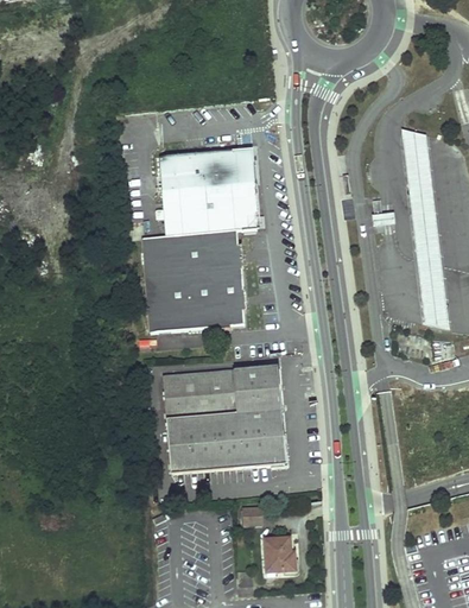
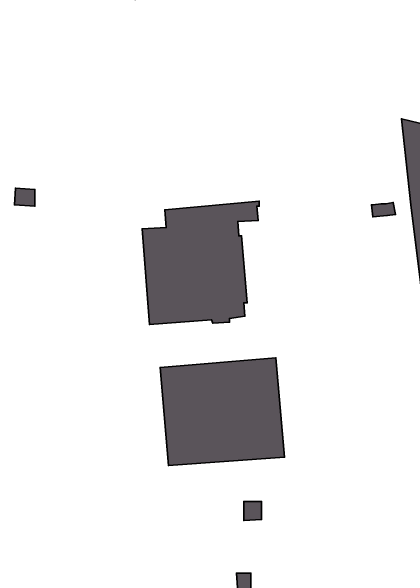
building: [161,147,260,216] -> none
building: [266,540,296,574] -> none

